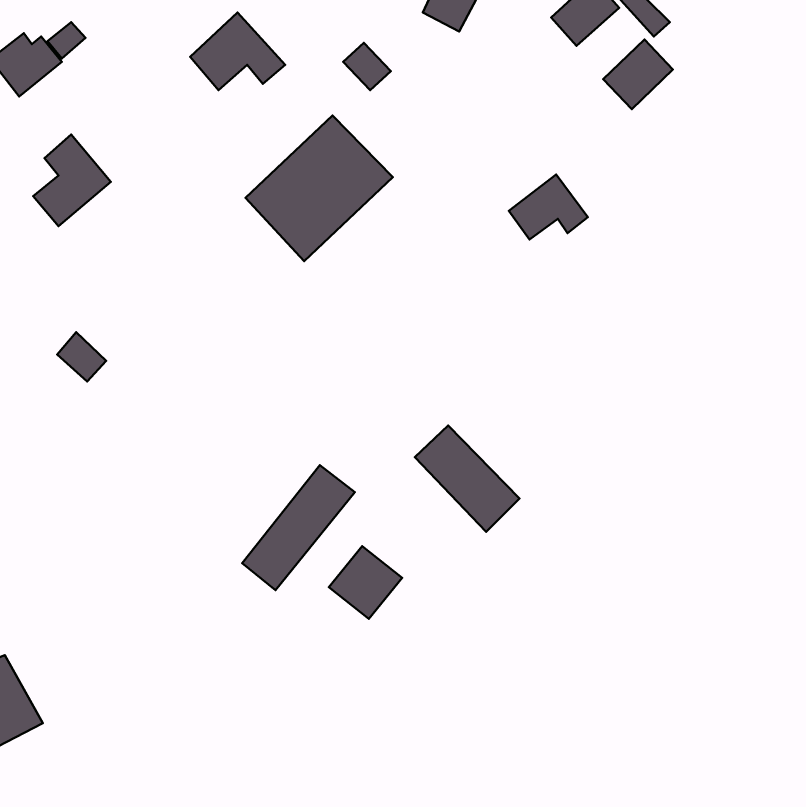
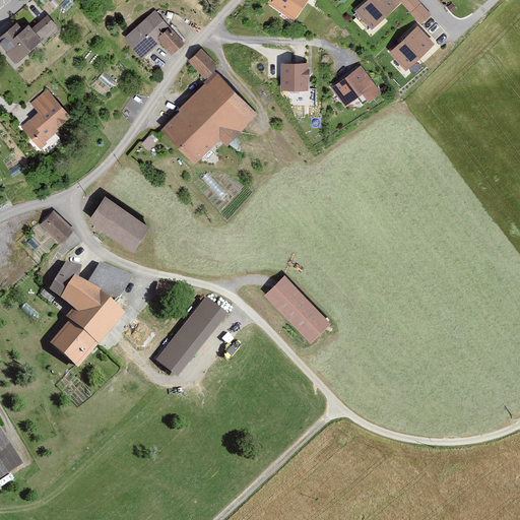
building: [343,43,391,90] -> [186,48,216,78]
building: none -> [279,62,308,92]
building: [509,174,588,239] -> [329,65,380,107]
building: none -> [93,198,148,247]
building: none -> [47,260,133,365]
building: [329,546,402,619] -> none

